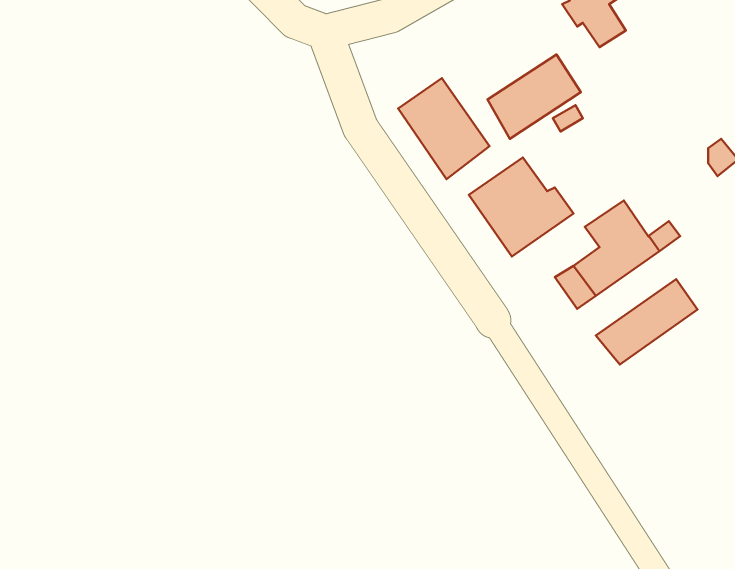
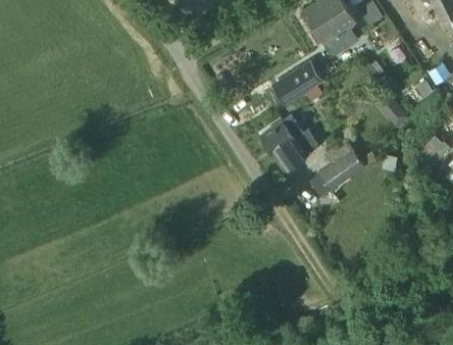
building: [398,78,489,179] -> none
building: [596,279,698,364] -> none

